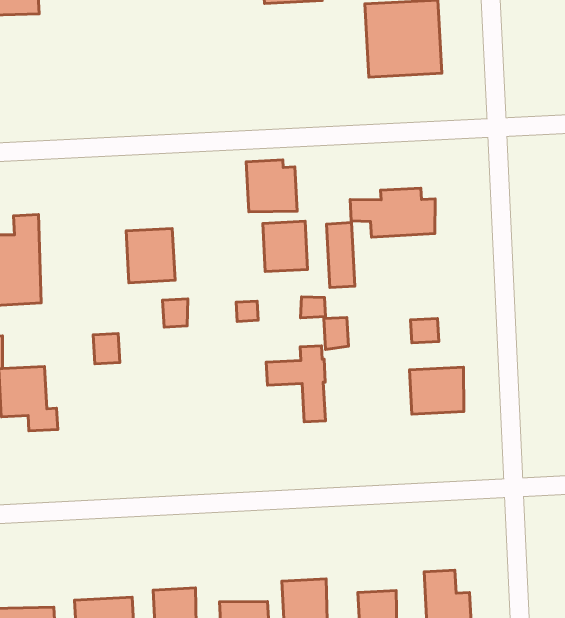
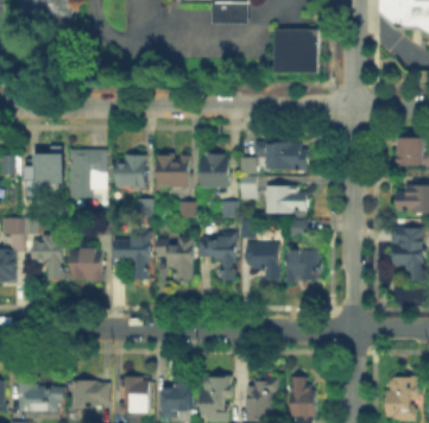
building: [246,160,297,212] -> [159,156,189,188]
building: none -> [71,151,106,197]
building: none -> [266,188,307,214]
building: none -> [115,232,151,277]
building: none -> [157,238,191,282]
building: none -> [247,245,279,279]
building: none -> [71,252,102,282]

